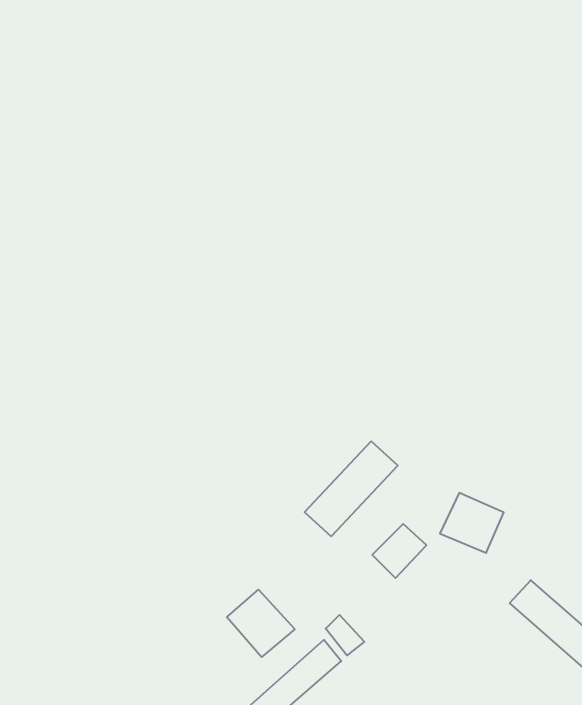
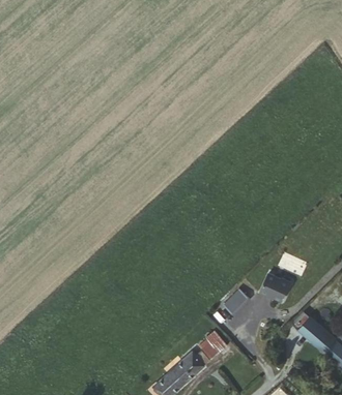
building: [305,441,398,536] -> none
building: [227,590,295,657] -> none

